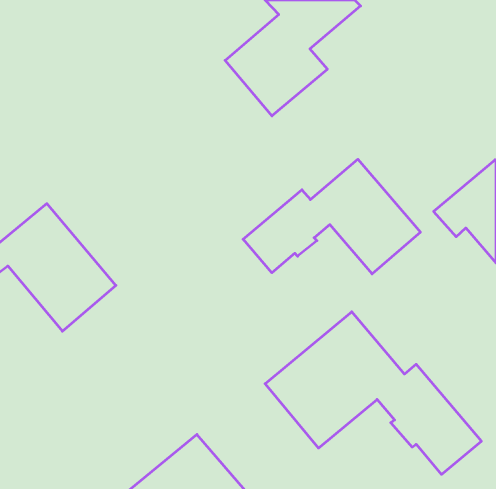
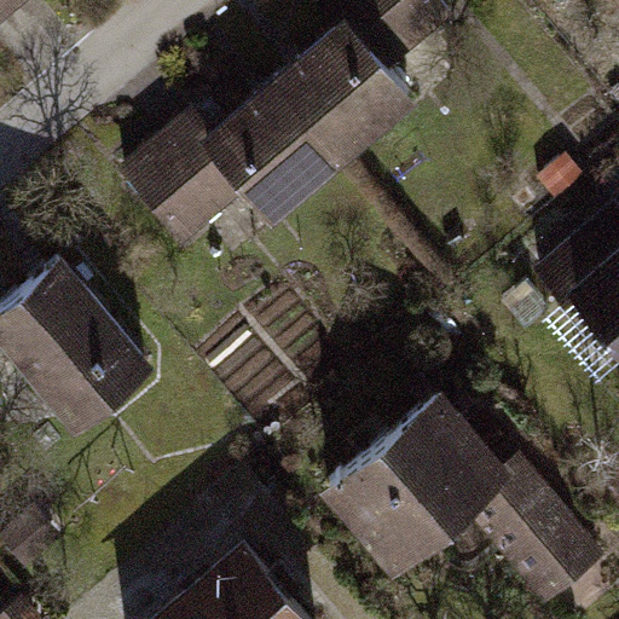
building: none -> [126,86,337,242]
building: [243,159,420,274] -> none

